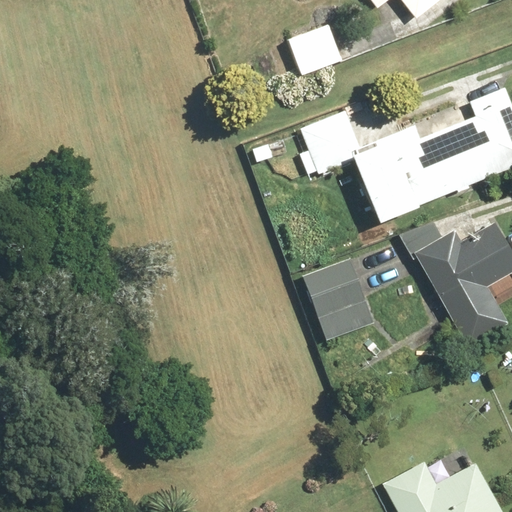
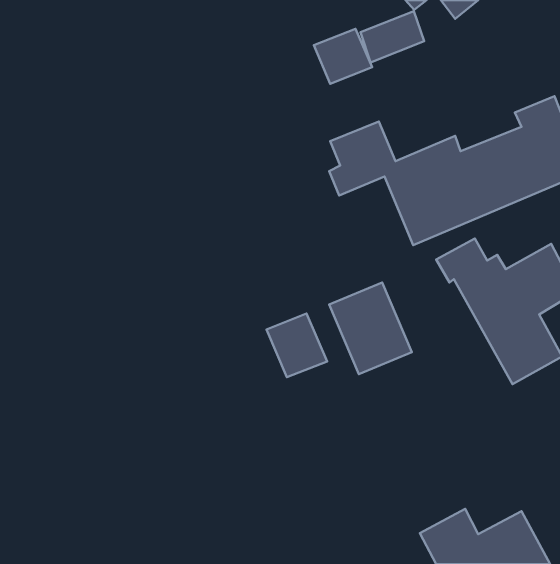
building: none -> [360,11,424,62]
building: none -> [266,314,327,377]

